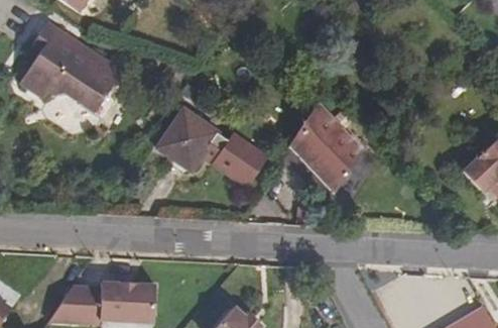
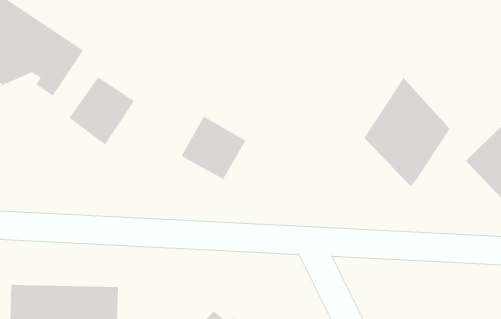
building: [284,103,362,202] -> [364,77,450,187]
building: [158,108,218,170] -> [68,76,135,145]

